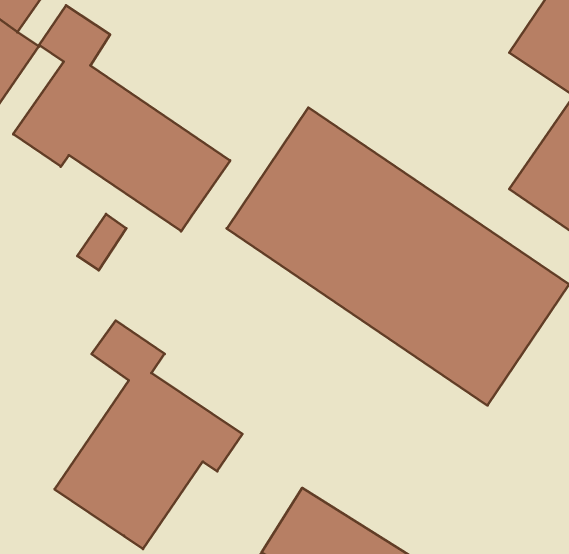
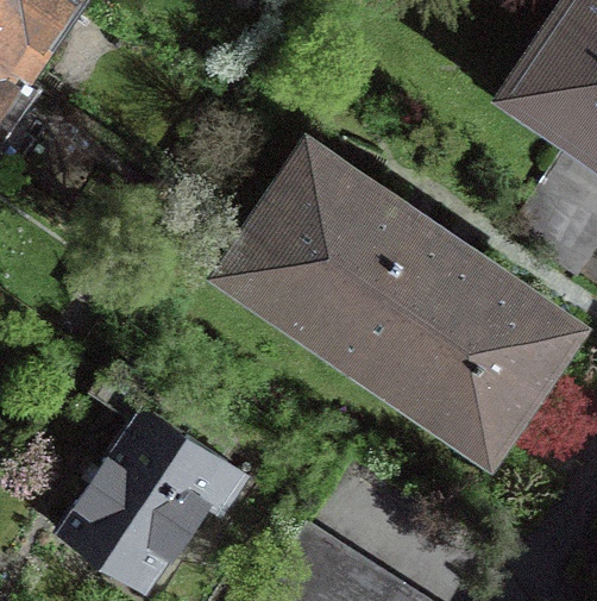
building: [13,5,230,231] -> none

